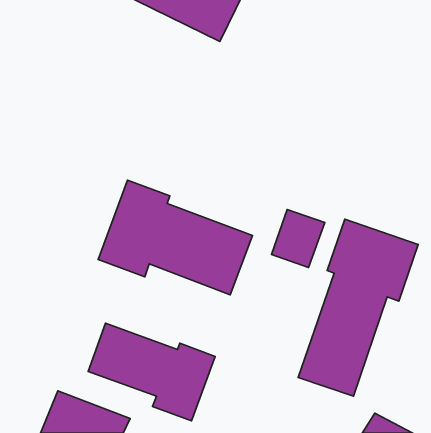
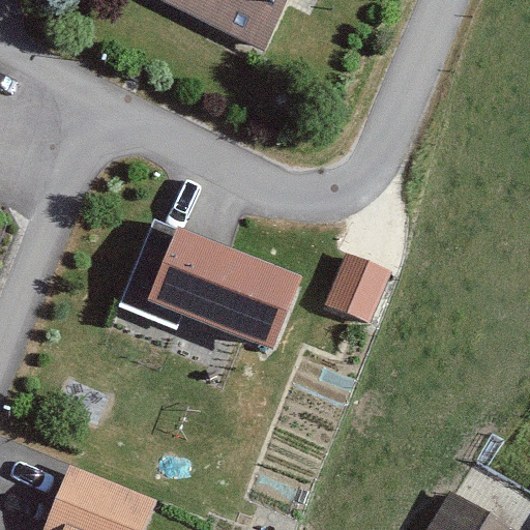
building: [298,219,418,396] -> none
building: [88,323,215,421] -> none

